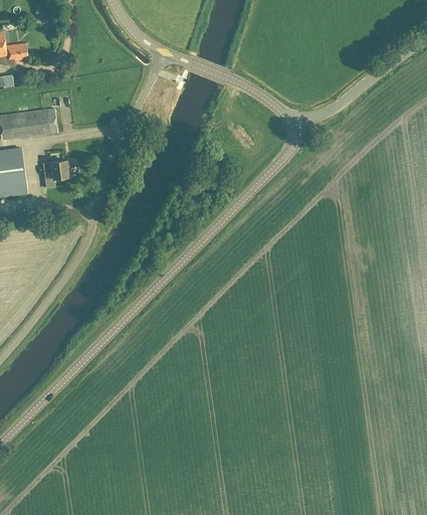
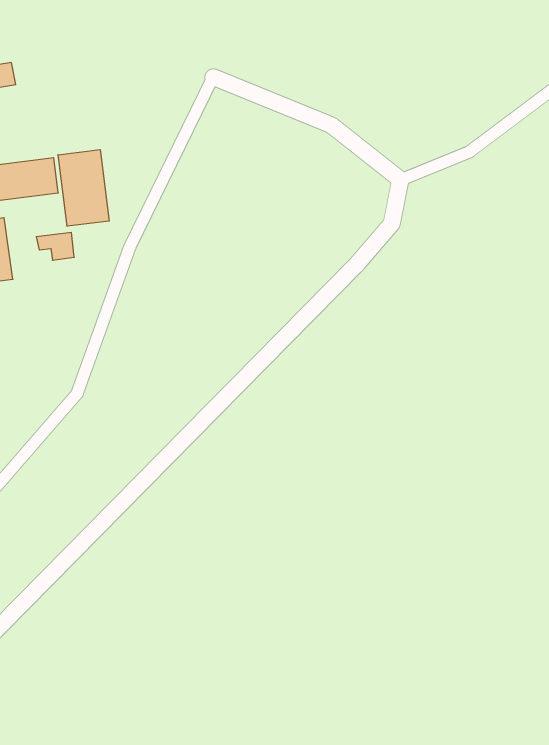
building: none -> [58,150,109,226]

